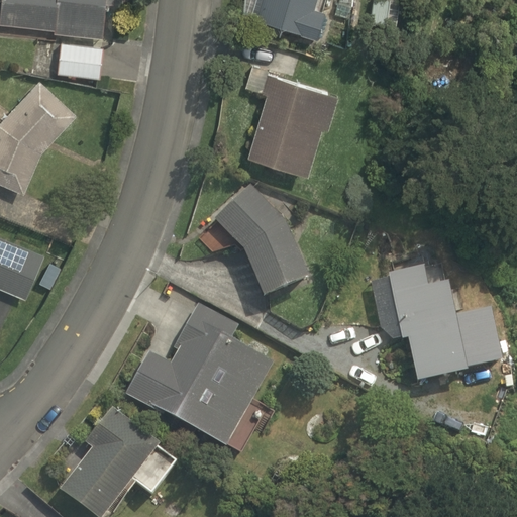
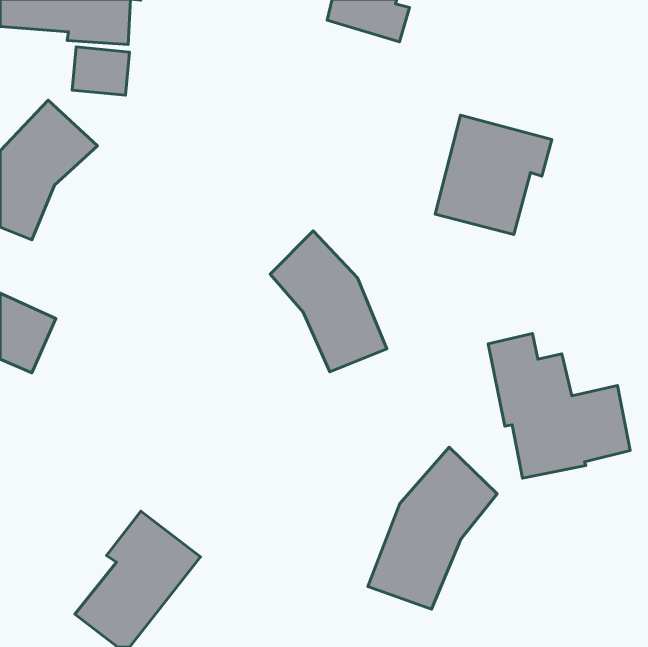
building: [246,75,339,170] -> [435,115,552,235]
building: [125,304,274,446] -> none
building: none -> [368,447,497,609]

